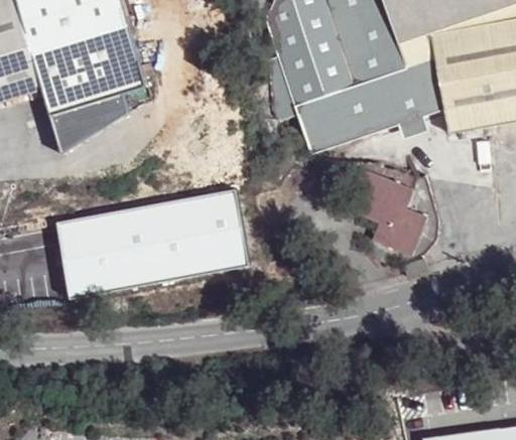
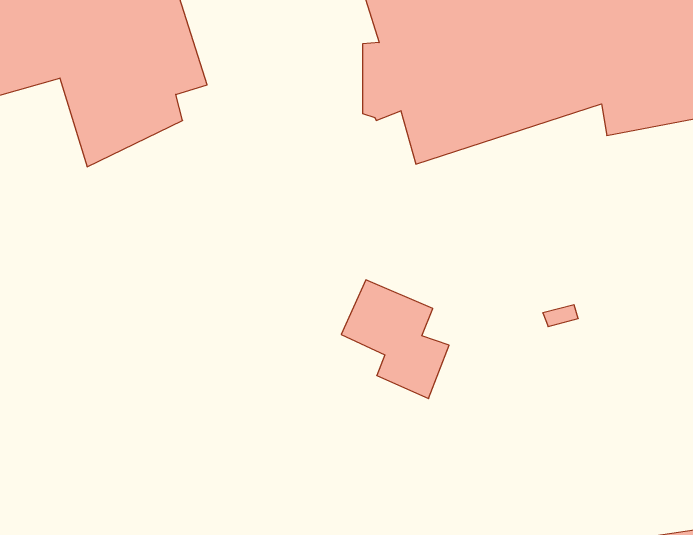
building: [348,167,427,255] -> [341,280,449,399]
building: [54,188,249,300] -> none

